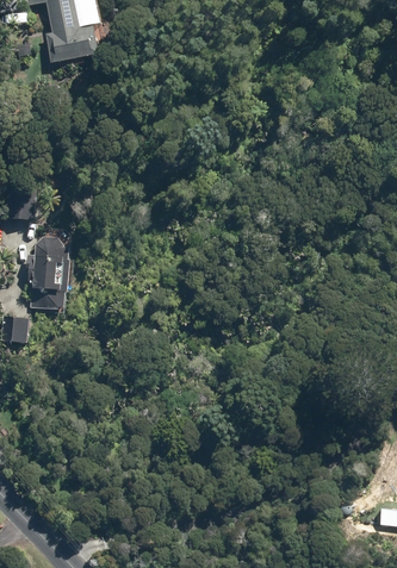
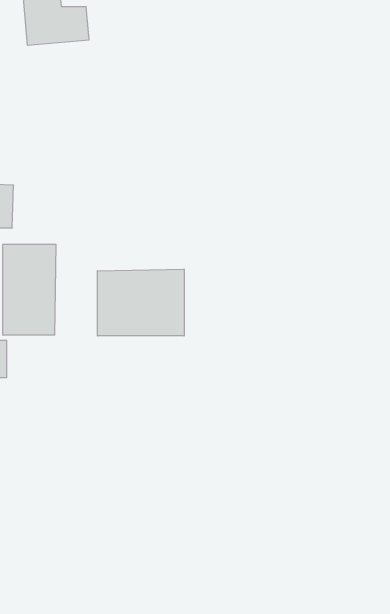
building: none -> [97,269,184,336]

